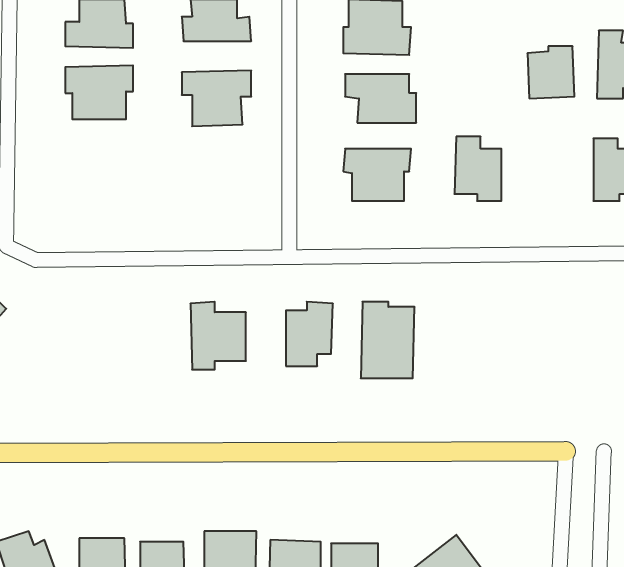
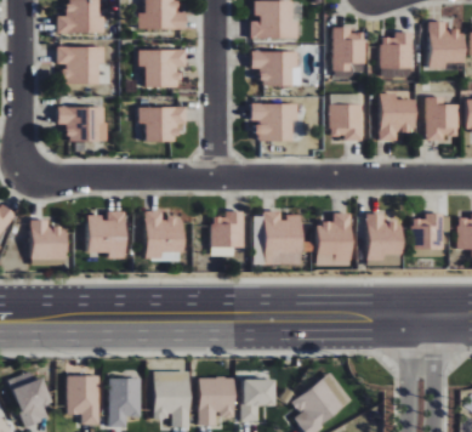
building: none -> [332,27,365,79]
building: none -> [380,93,416,141]
building: none -> [58,107,107,142]
building: none -> [138,107,186,142]
building: none -> [87,211,126,260]
building: none -> [315,214,351,266]
building: none -> [365,214,402,260]
building: none -> [410,214,442,252]
building: none -> [32,220,66,260]

